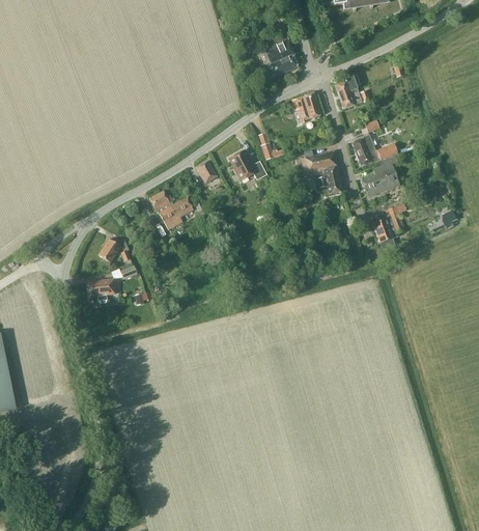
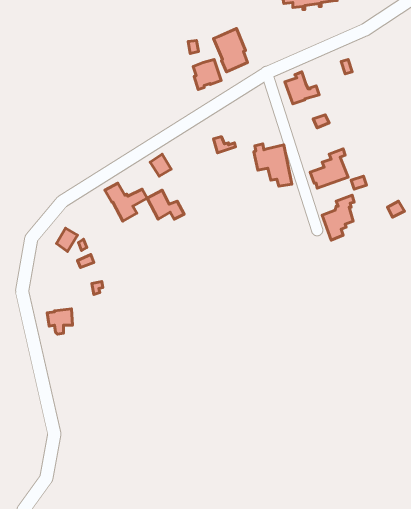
building: [292,92,321,123] -> [193,59,221,90]
building: [351,135,398,165] -> none
building: [229,149,267,179] -> [147,190,184,219]
building: [90,277,116,303] -> [47,309,72,334]

